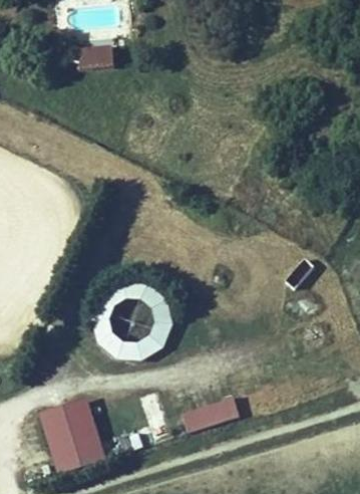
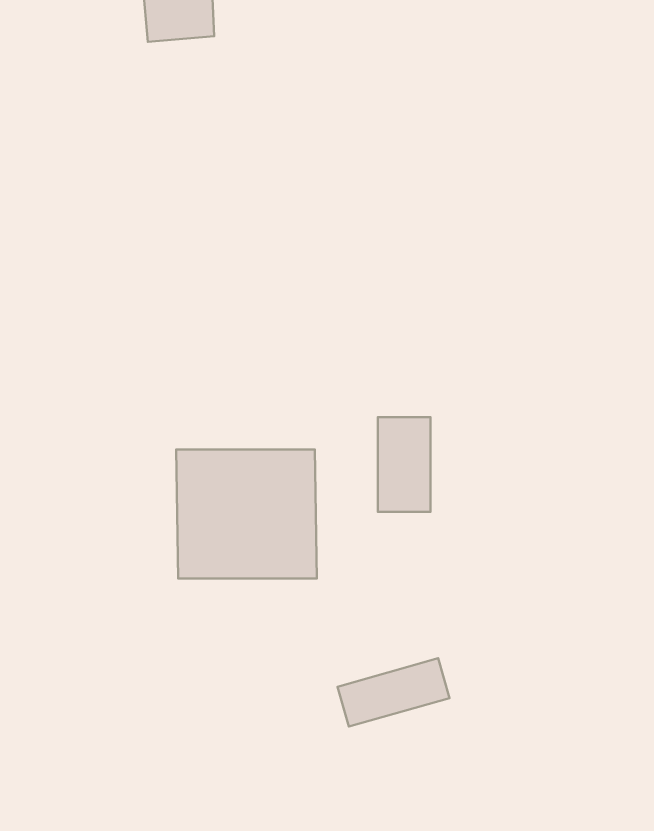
building: none -> [378,417,430,512]
building: [41,399,103,472] -> none

